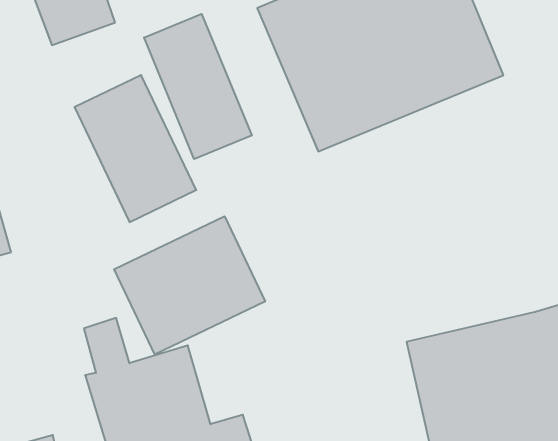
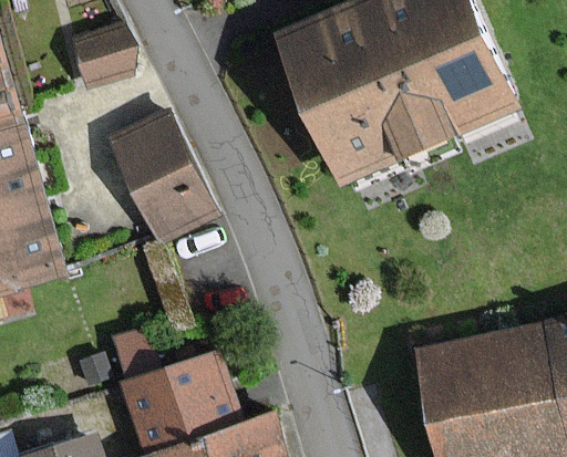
building: [144,14,252,159] -> none
building: [114,216,265,354] -> none

